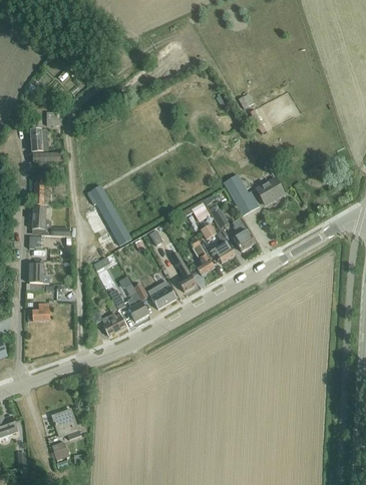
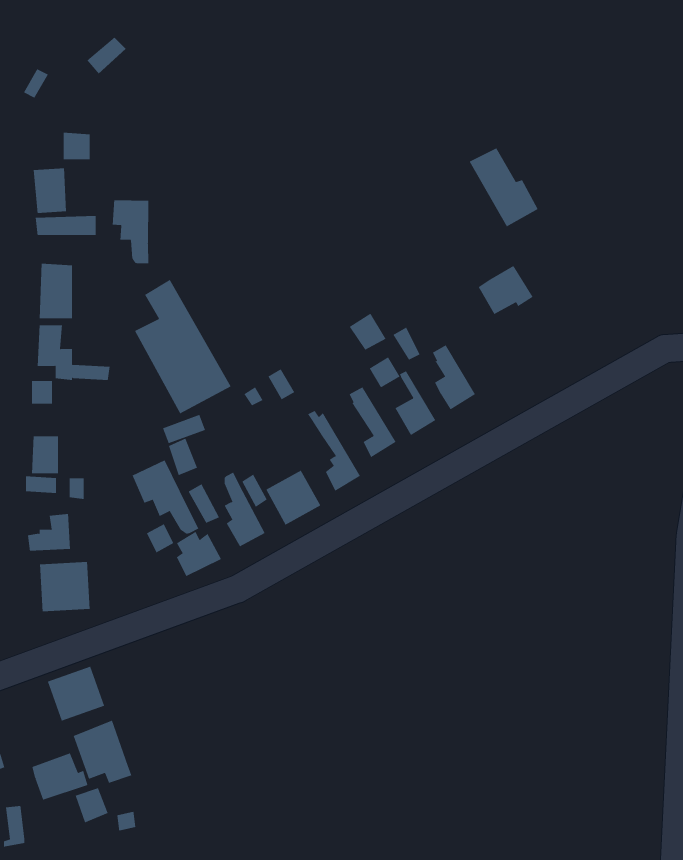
building: none -> [112,200,149,264]
building: [223,174,258,214] -> [469,148,538,227]
building: none -> [132,459,199,534]
building: none -> [39,561,90,612]
building: none -> [47,666,105,722]
building: none -> [32,753,88,801]

